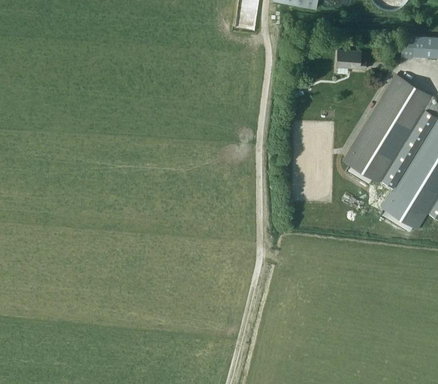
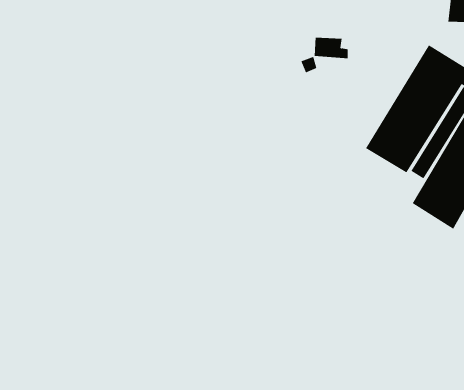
building: [337,50,366,68] -> [314,37,348,59]

